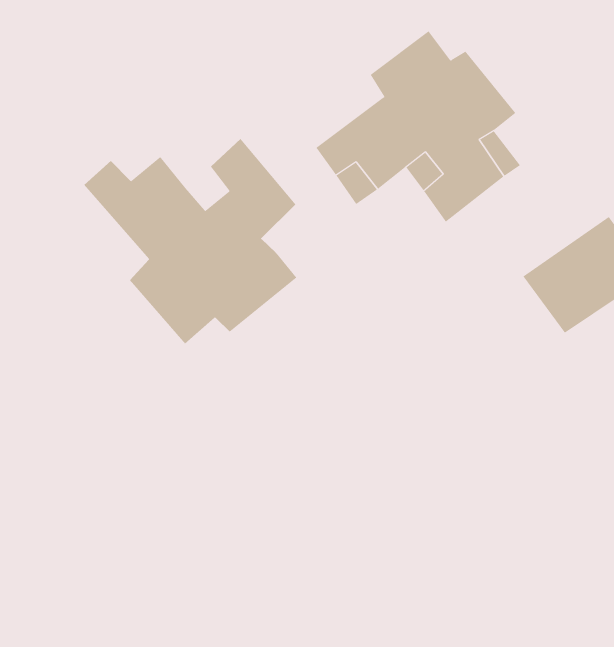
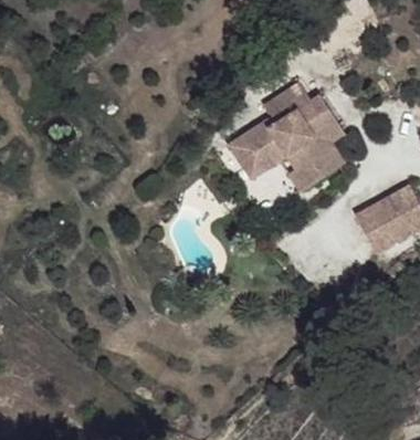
building: [84,138,297,345] -> none

